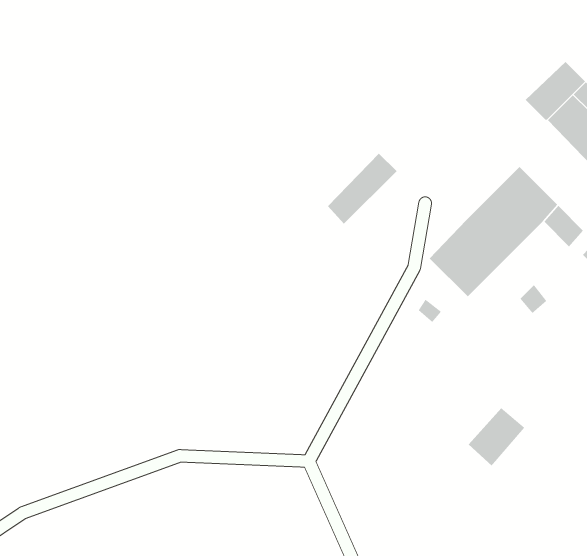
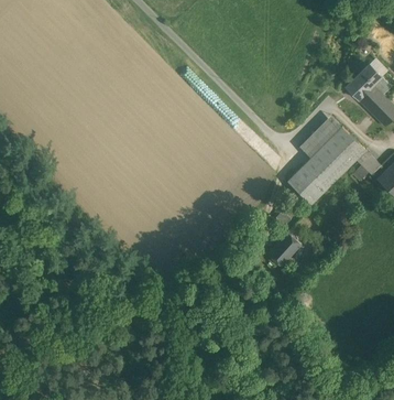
building: [327,153,397,225] -> [299,116,341,159]
building: [468,408,525,467] -> [266,233,300,268]

